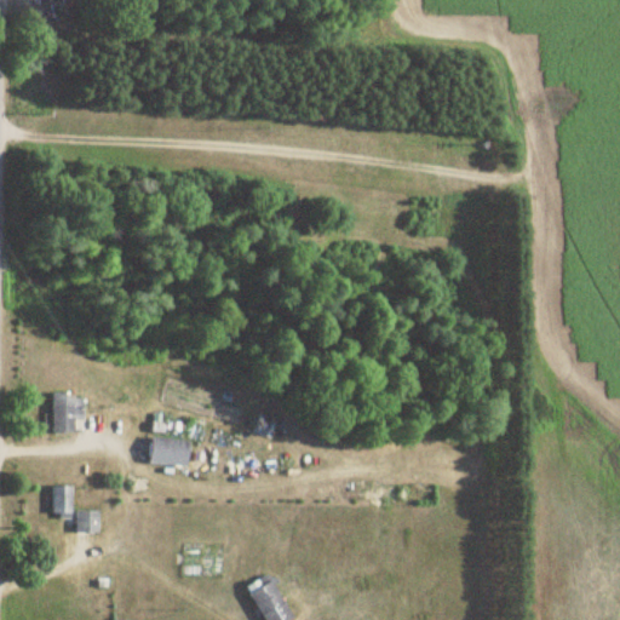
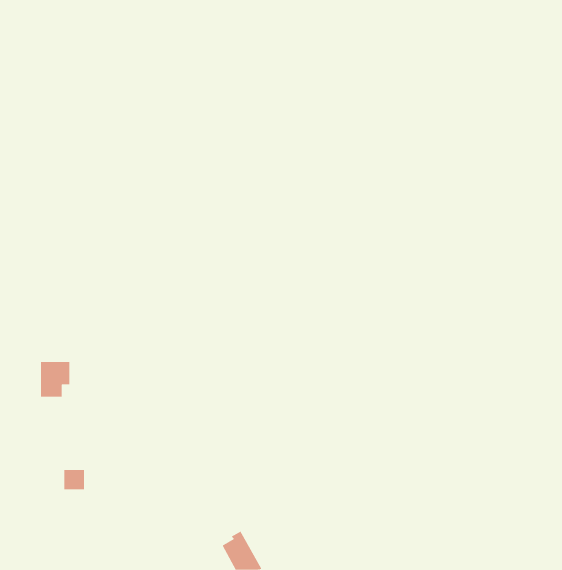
building: [148,437,189,465] -> none
building: [52,484,73,515] -> none

